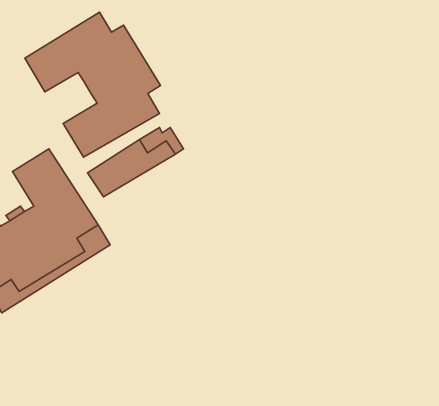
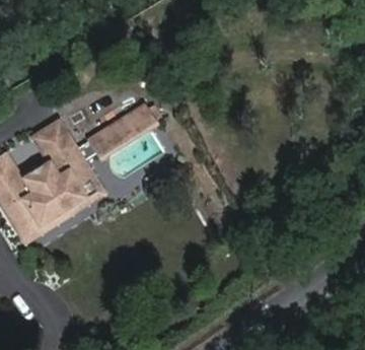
building: [25,12,161,157] -> none

